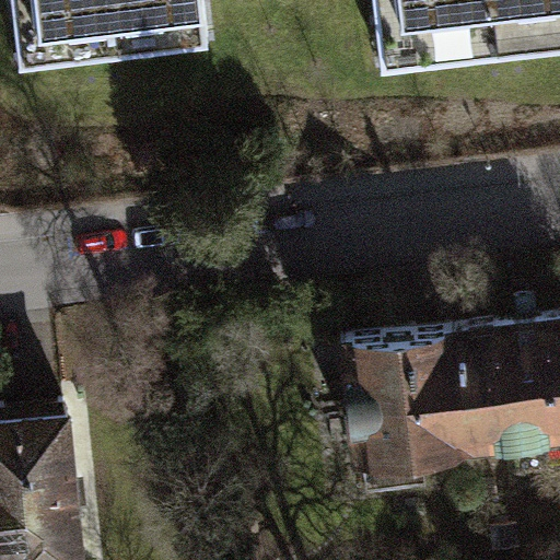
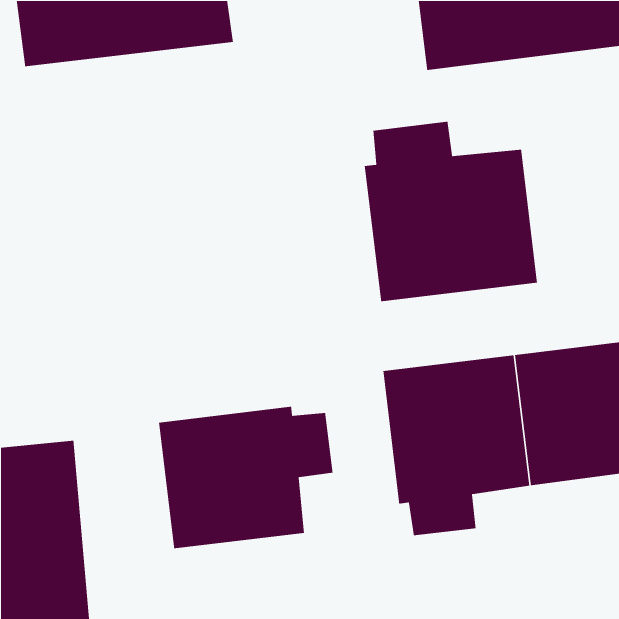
building: none -> [364,121,538,302]
building: none -> [158,406,334,549]

